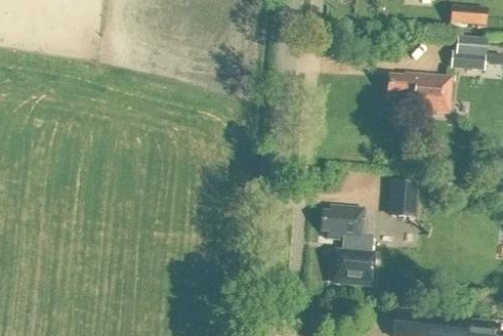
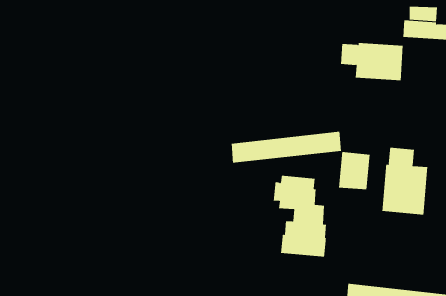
building: none -> [231,131,341,164]
building: none -> [382,147,428,215]

